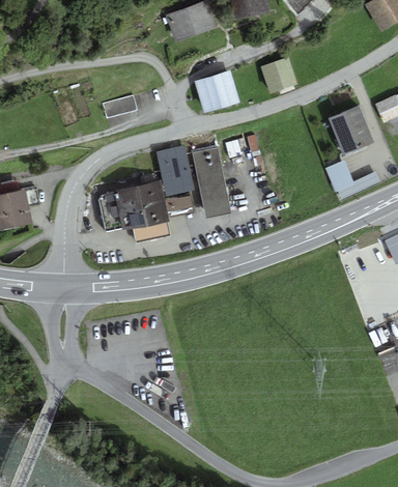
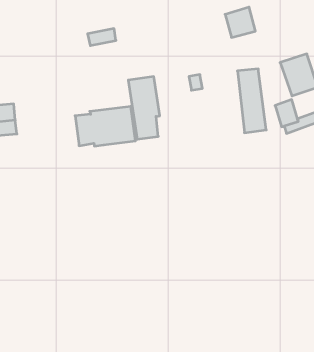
building: [194,69,238,113] -> none
building: [192,144,230,219] -> [237,69,266,133]
building: [132,221,171,242] -> none

